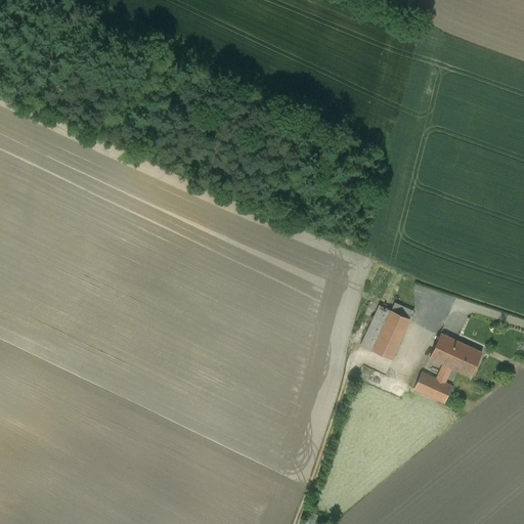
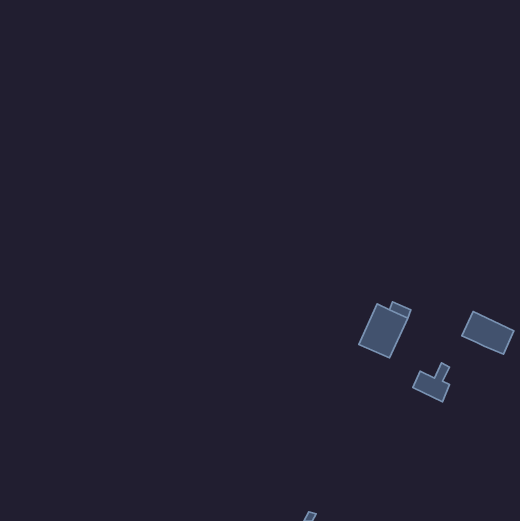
building: [430,334,482,377] -> [462,312,514,354]

